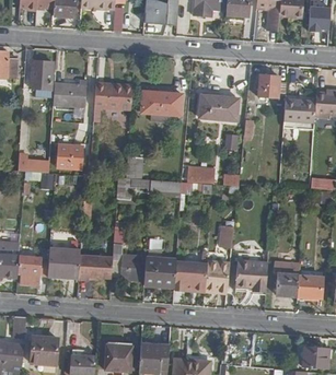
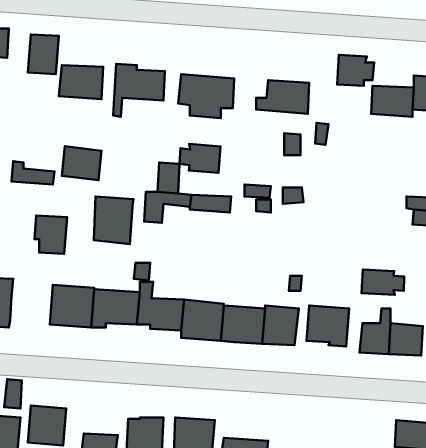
building: none -> [180,144,221,173]
building: none -> [94,196,133,244]
building: none -> [362,270,404,295]
building: [16,255,40,283] -> [35,216,67,254]

